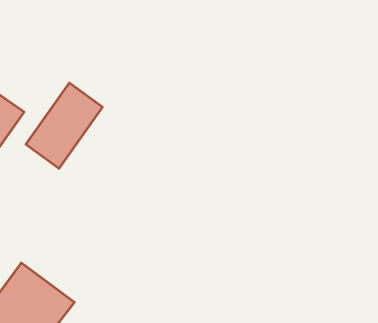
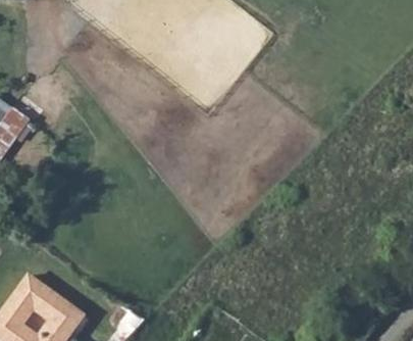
building: [26,83,102,168] -> none

